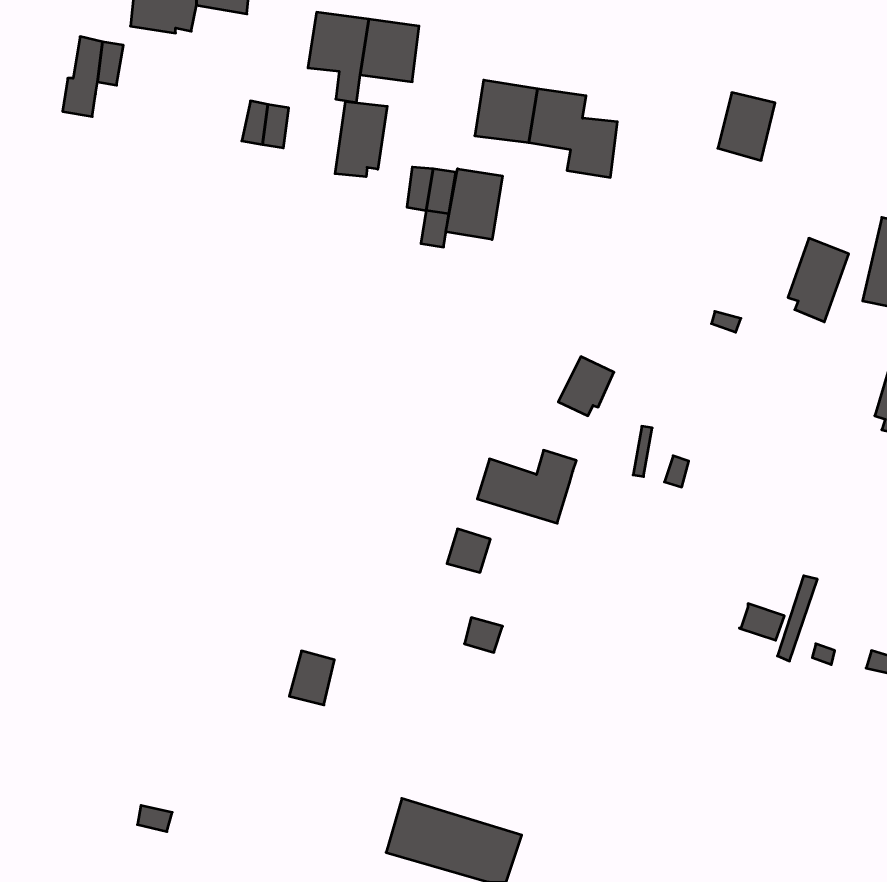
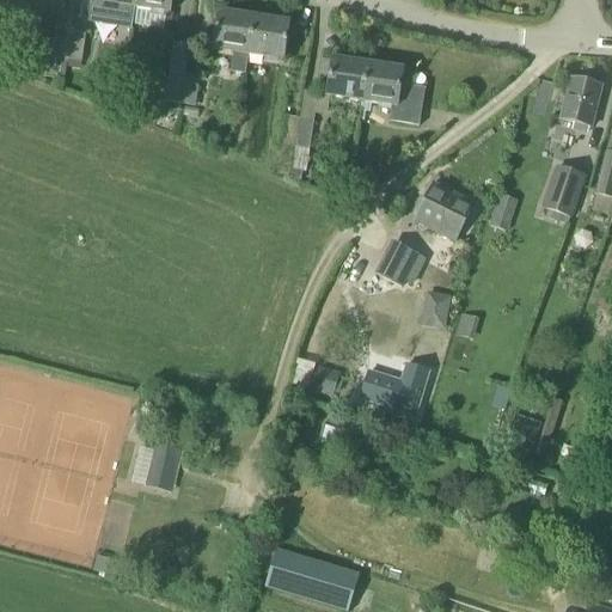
building: [718,93,775,160] -> [562,78,601,124]
building: [335,101,387,177] -> none
building: [446,169,502,240] -> none
building: none -> [415,180,476,239]
building: [477,450,576,523] -> [361,363,429,414]
building: [289,651,334,705] -> [149,442,180,479]

